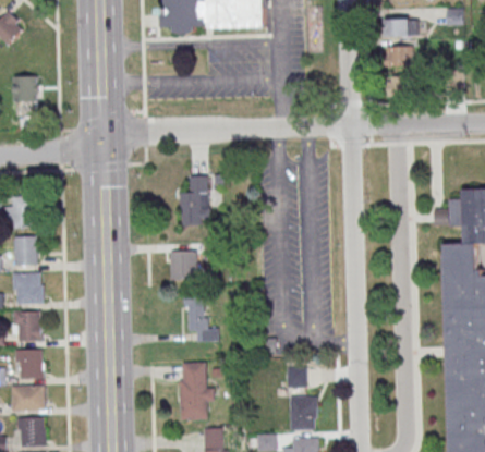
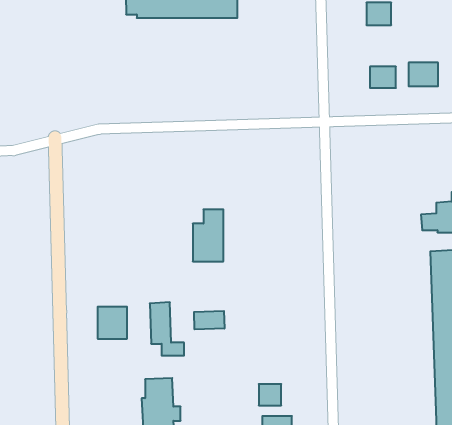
building: [385,46,412,68] -> [409,63,438,86]
building: [179,176,207,224] -> [193,209,223,261]
building: [169,249,196,279] -> [98,307,127,339]
building: none -> [194,311,224,329]

